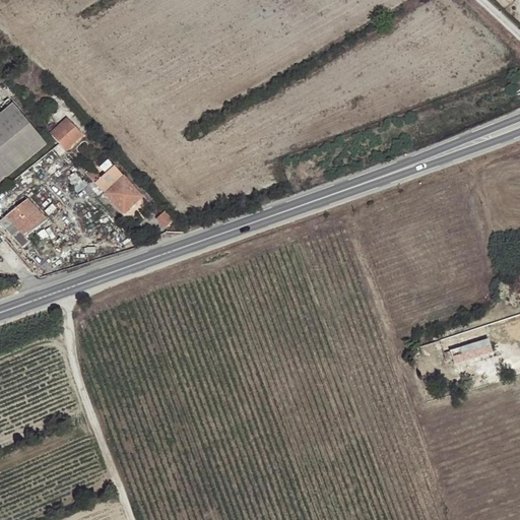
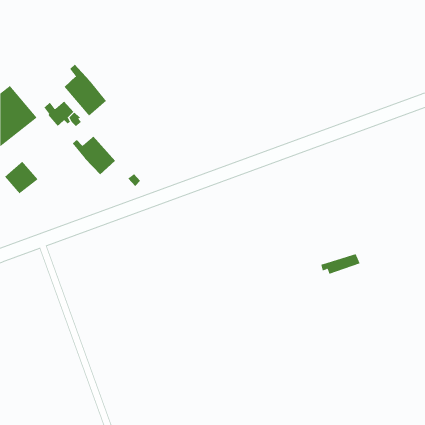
building: none -> [64,64,107,116]
building: [443,339,492,365] -> [320,254,360,274]

